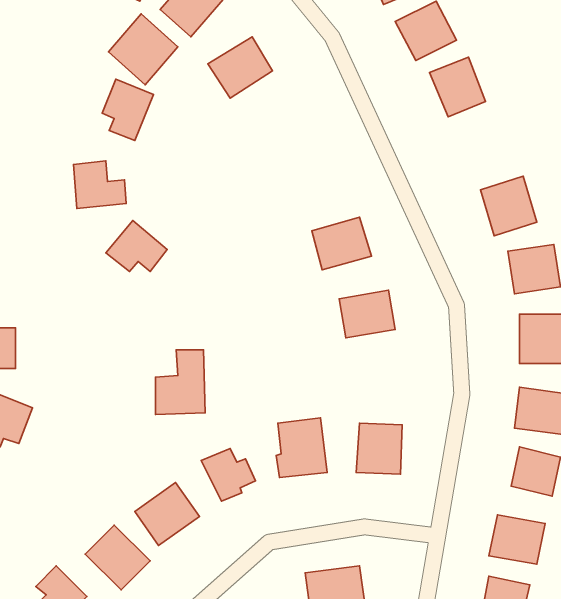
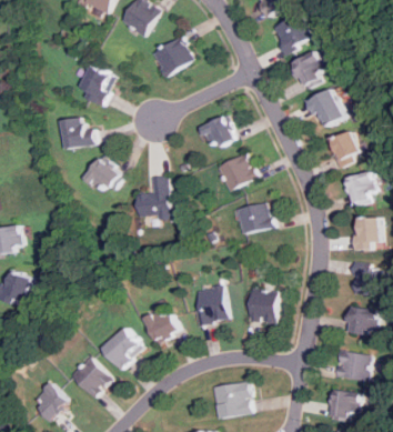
building: [108,14,178,85] -> none
building: none -> [308,88,347,130]
building: none -> [200,115,234,149]
building: [156,350,205,415] -> [135,177,168,219]

